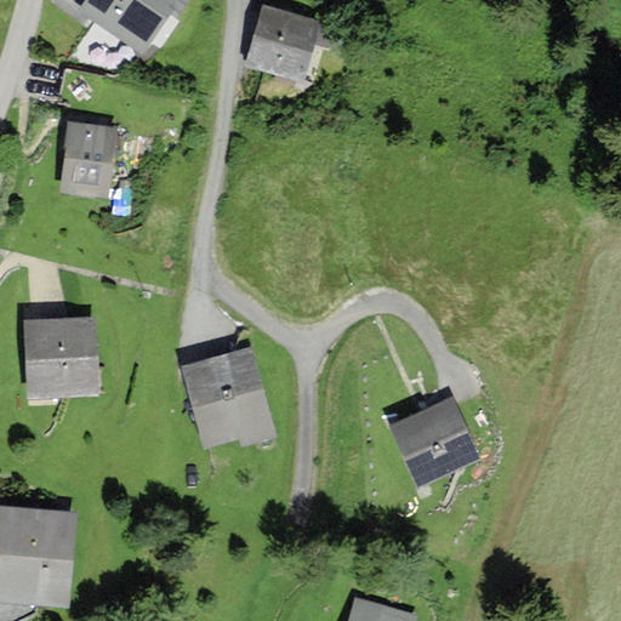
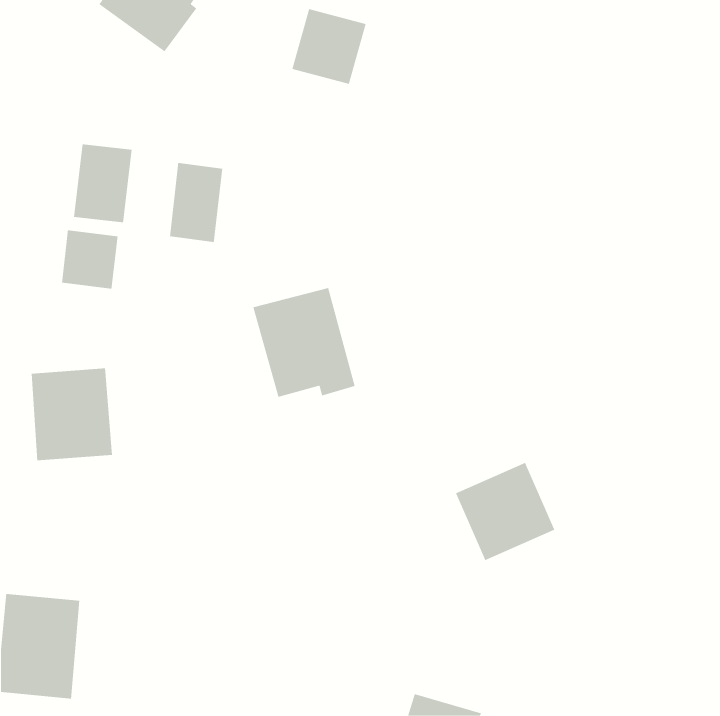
building: none -> [169,162,223,243]
building: none -> [61,229,118,289]
building: [184,348,273,443] -> [253,288,355,398]

